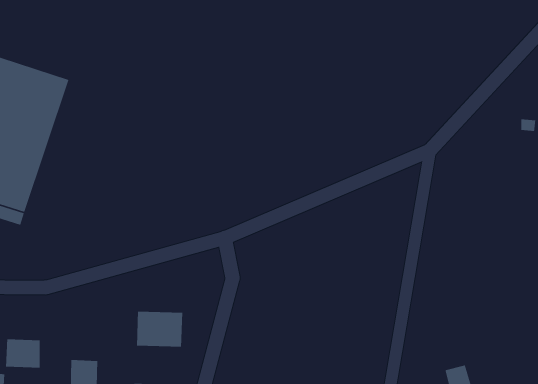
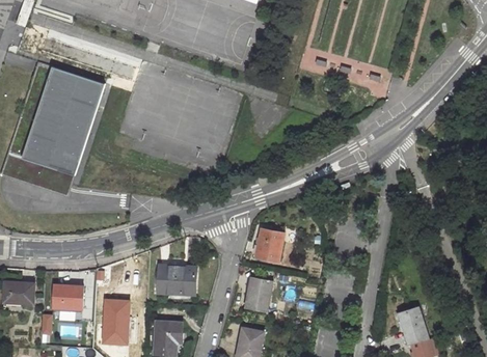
building: none -> [252,227,281,260]
building: none -> [244,277,271,311]

